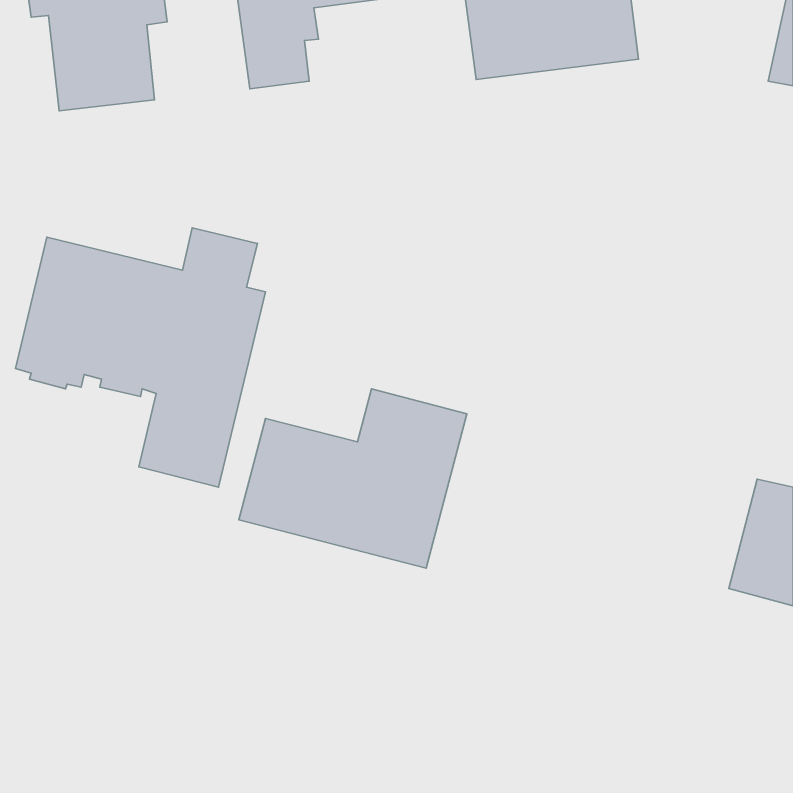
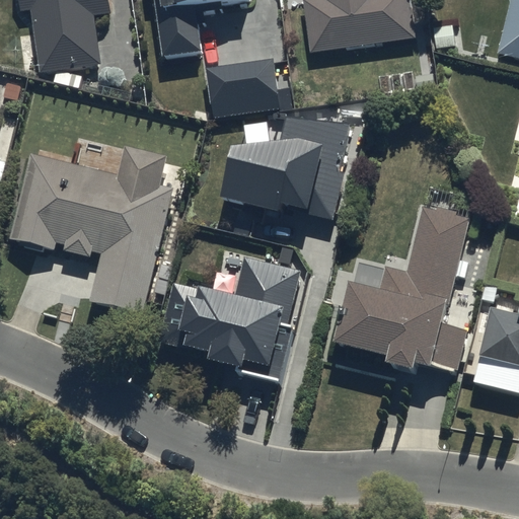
building: none -> [206,61,278,119]
building: none -> [219,104,353,219]
building: none -> [337,207,470,374]

